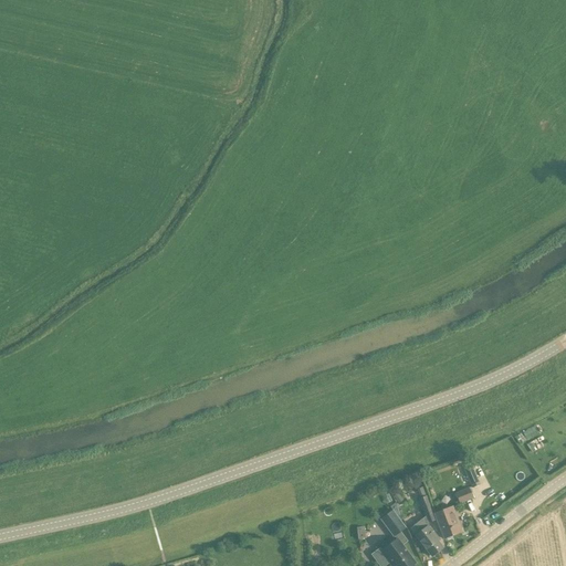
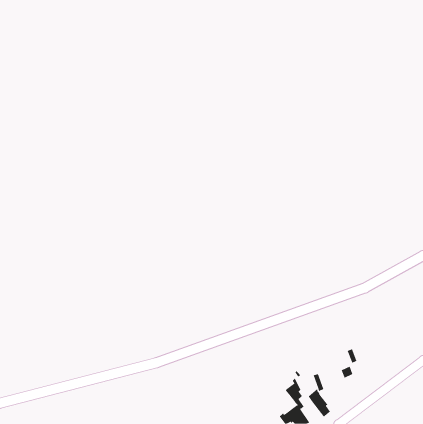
building: [433,506,461,538] -> none

